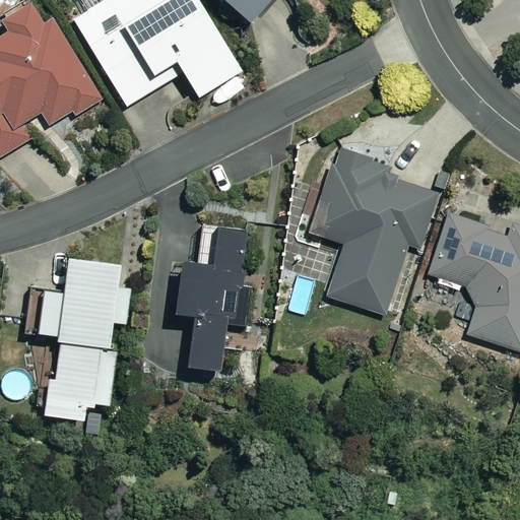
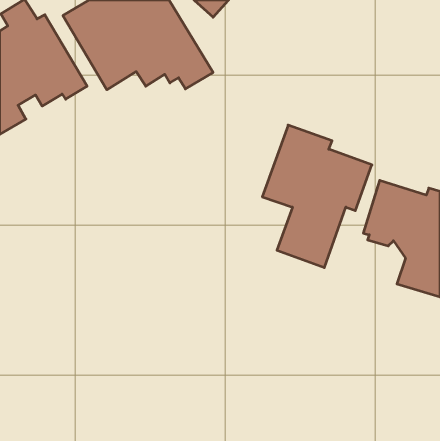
building: [178,228,253,369] -> none
building: [23,256,133,419] -> none

